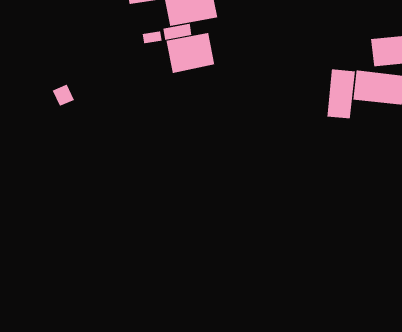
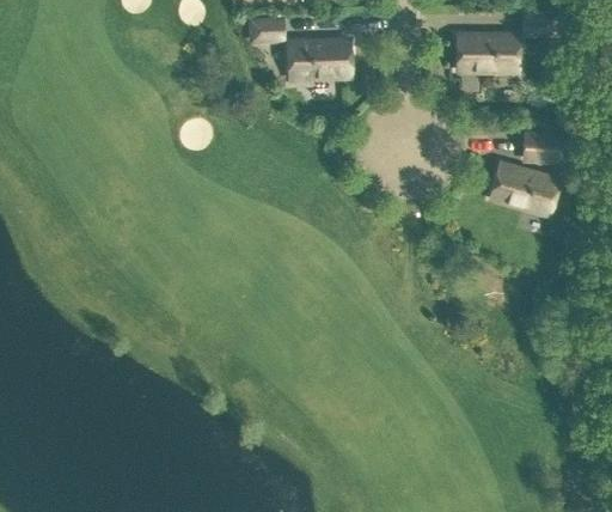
building: [166,32,215,74] -> none
building: [327,68,356,119] -> none

